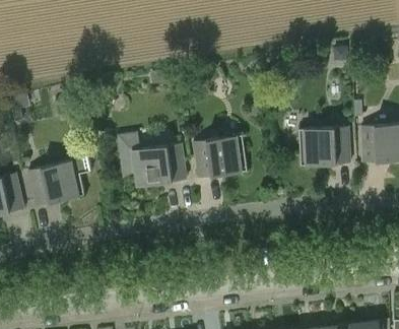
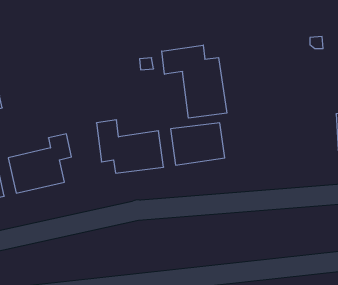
building: none -> [162,45,227,118]
building: [298,126,350,166] -> none

